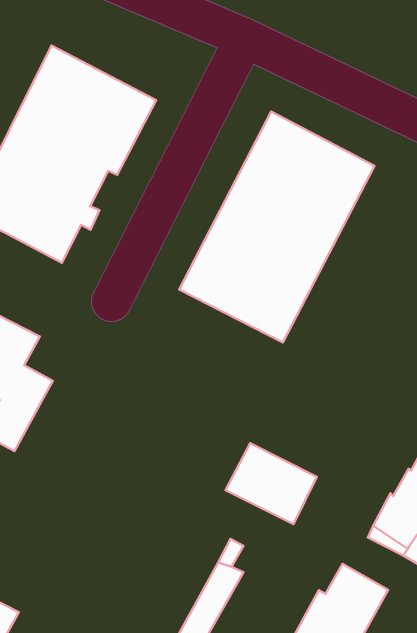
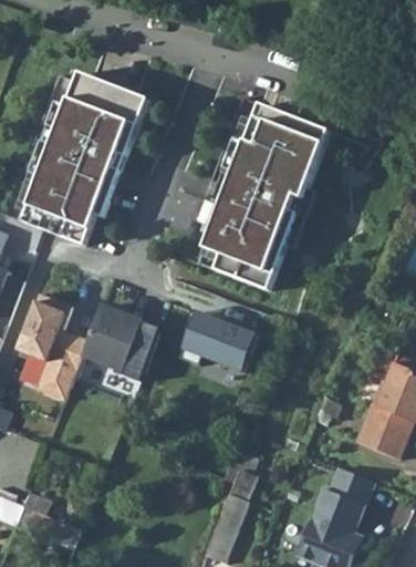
building: none -> [85,305,160,378]
building: [225,443,317,524] -> [184,311,256,372]

